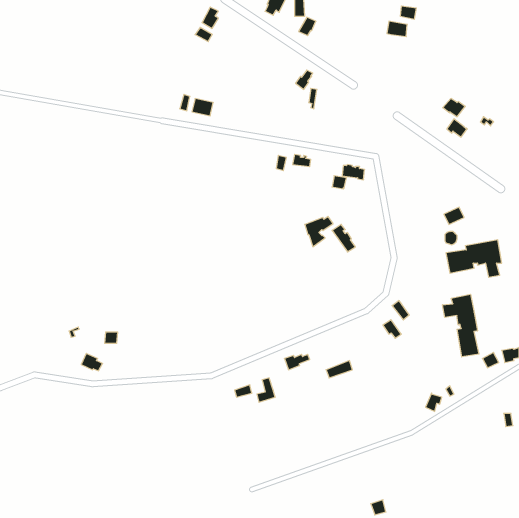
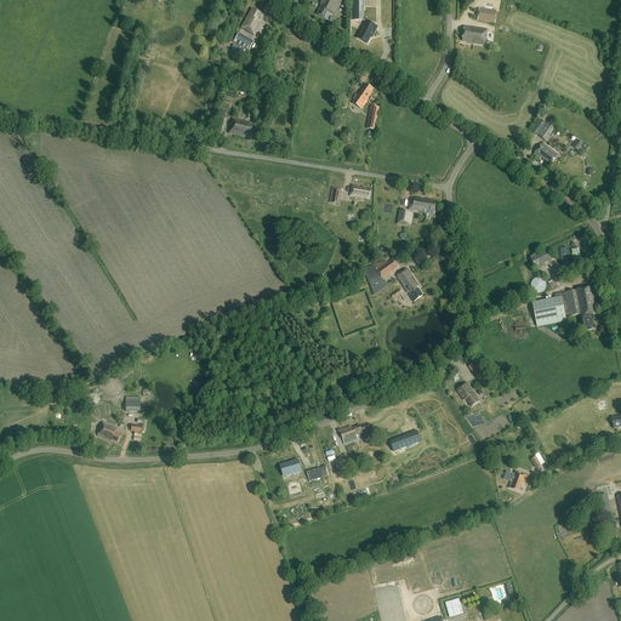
building: [443,294,479,357] -> none

